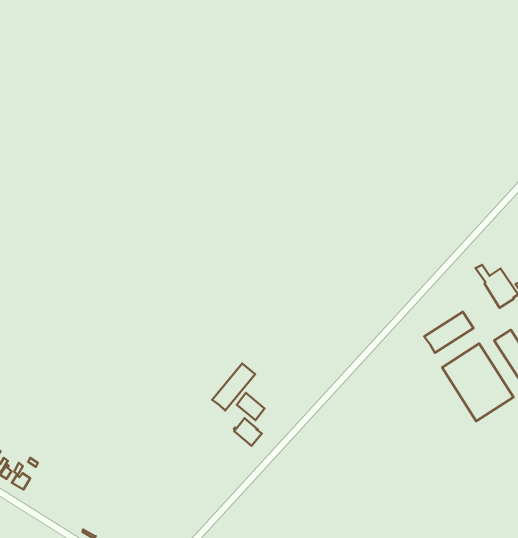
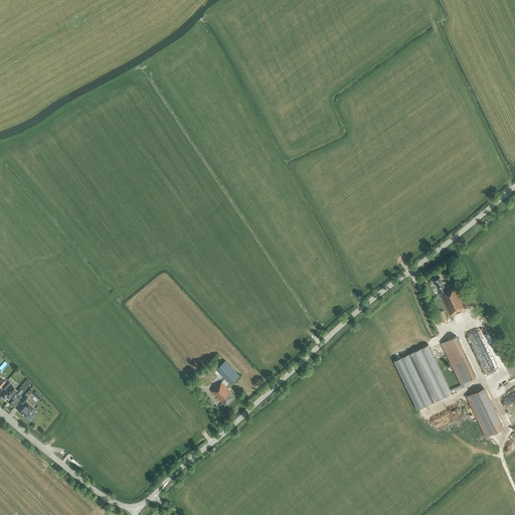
building: [424,312,474,353] -> none
building: [212,363,255,410] -> none

